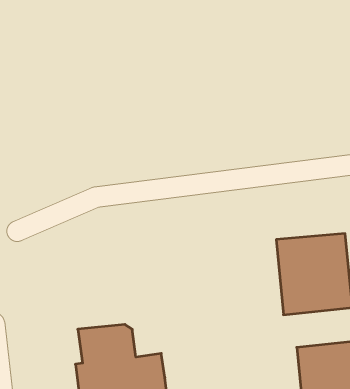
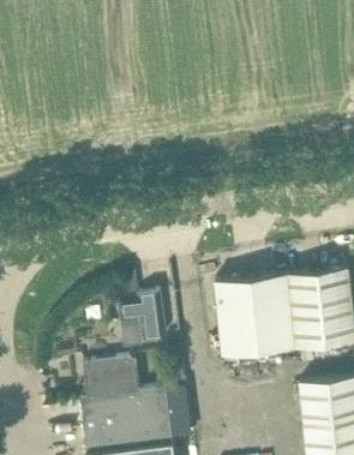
building: none -> [215,276,287,358]
building: none -> [118,294,166,341]

